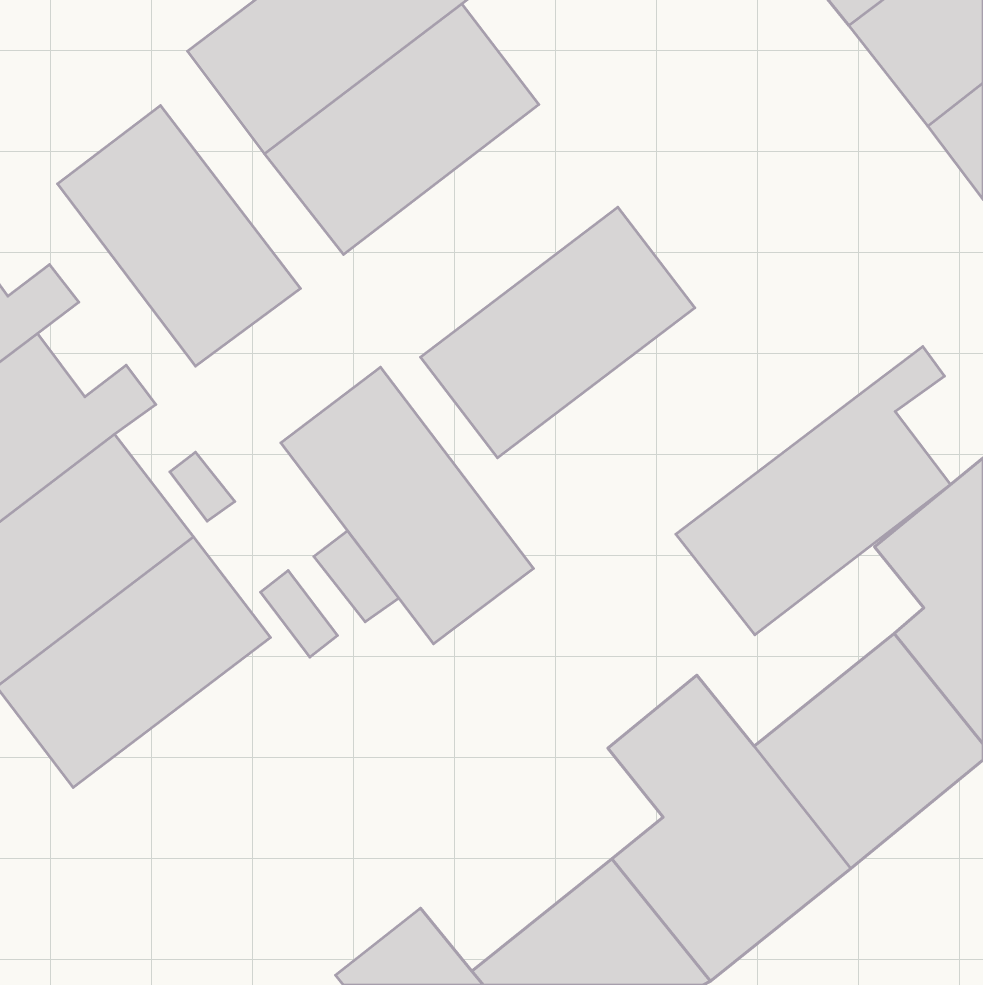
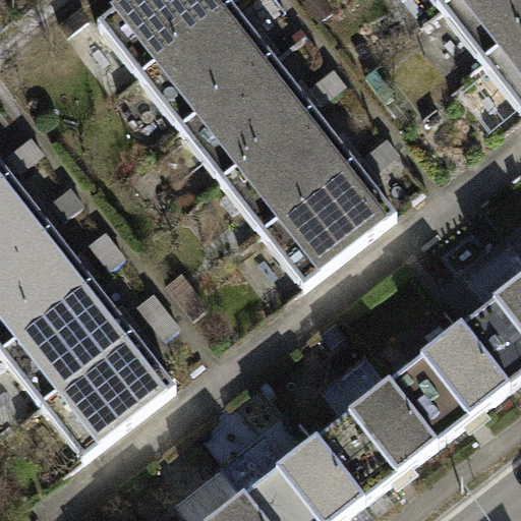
building: none -> [177,54,344,184]
building: [57,105,300,366] -> none
building: [676,346,950,635] -> [256,139,398,288]
building: [281,367,533,644] -> none
building: none -> [38,329,179,458]

